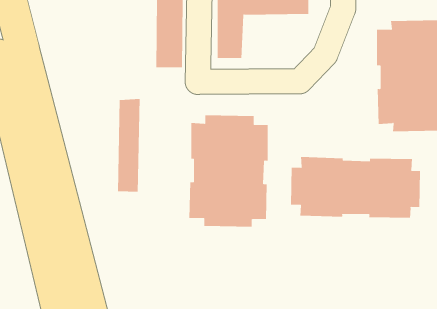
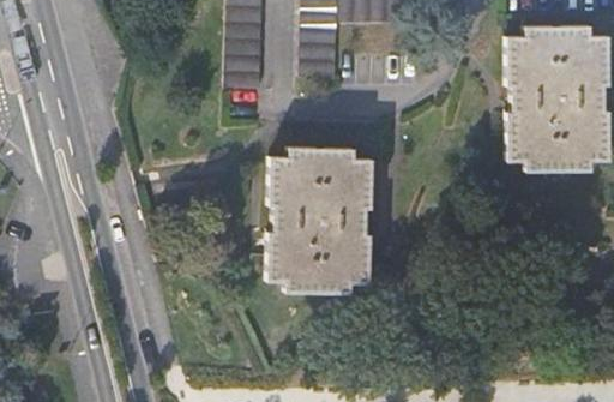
building: [117,98,140,192] -> none
building: [291,156,421,218] -> none

